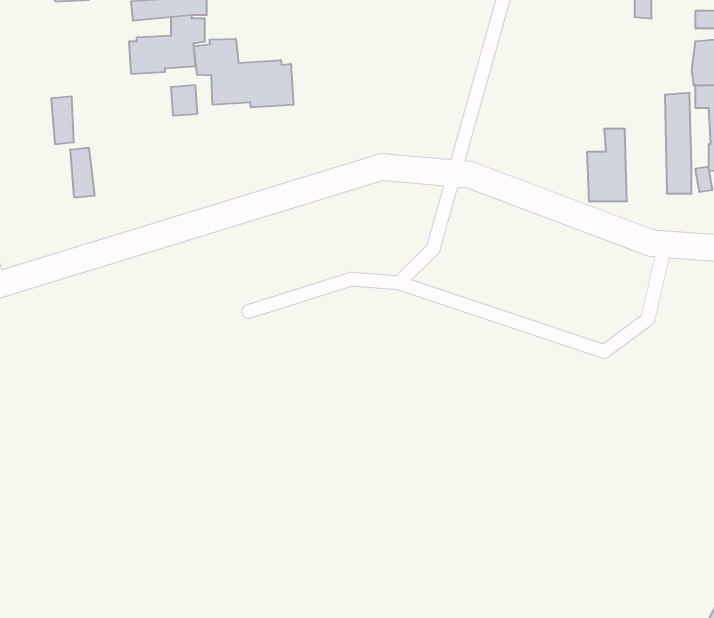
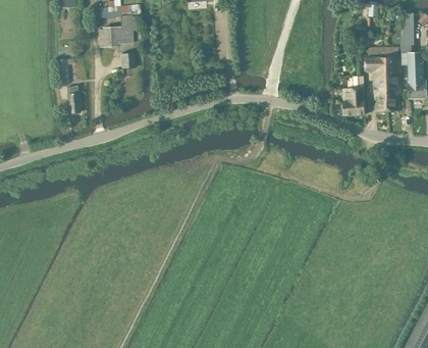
building: [194,39,293,107] -> none
building: none -> [367,57,386,110]

